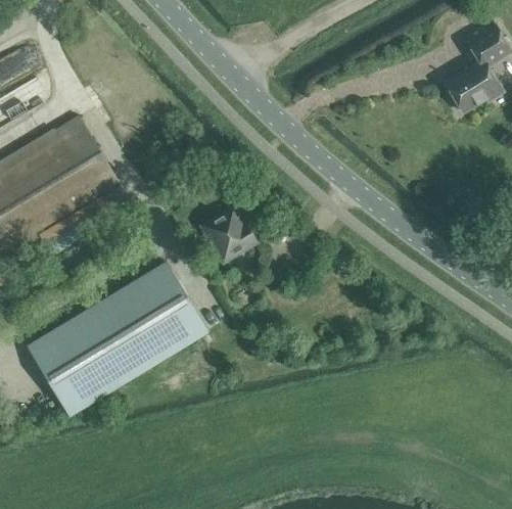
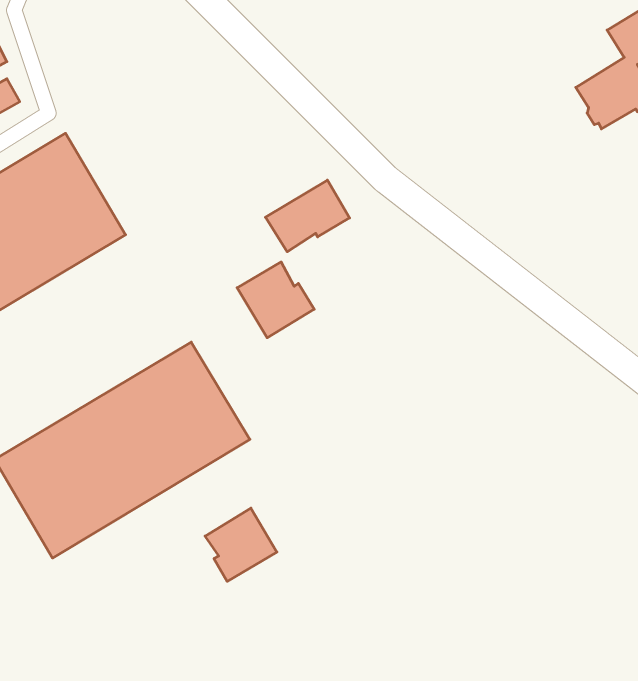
building: none -> [265,180,350,252]
building: none -> [205,508,277,581]

